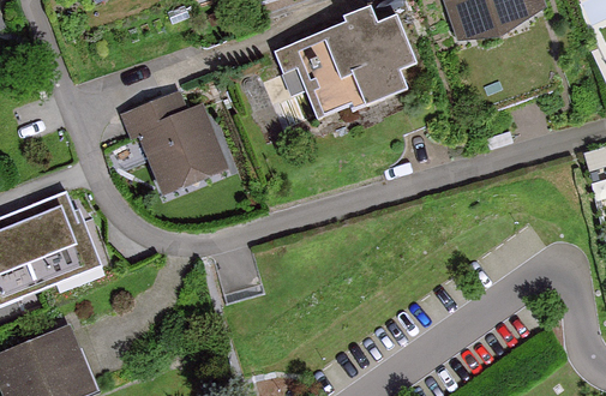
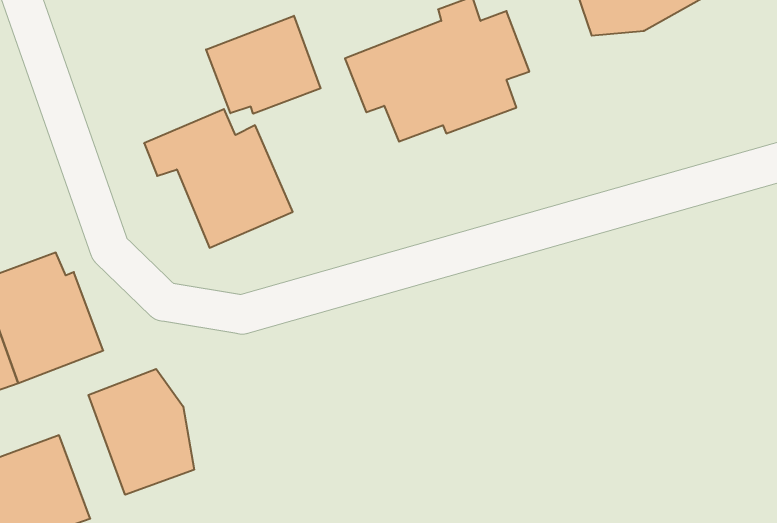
building: none -> [206,16,321,114]
building: none -> [88,369,194,495]

